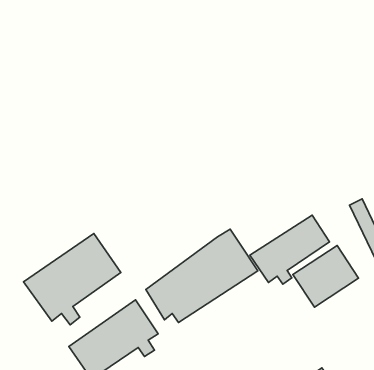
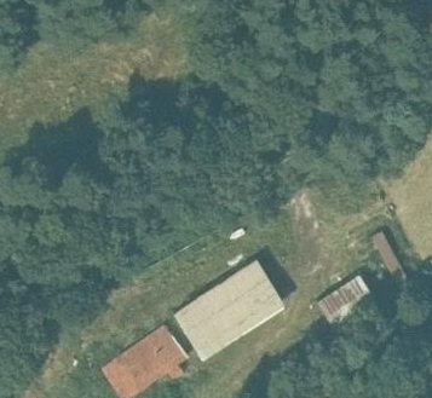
building: [250,215,330,284] -> none
building: [24,234,121,325] -> none

